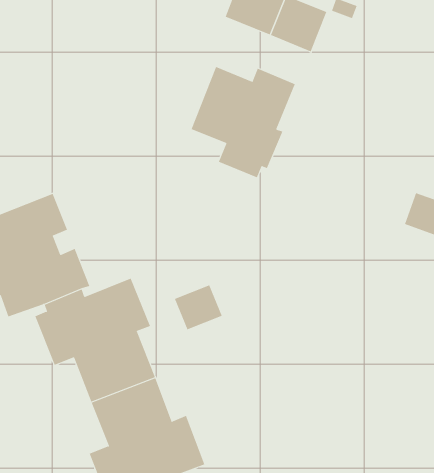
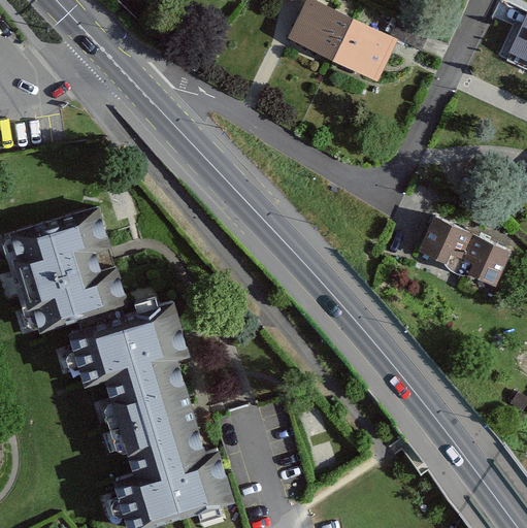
building: [191,66,295,178] -> none
building: none -> [420,219,472,267]
building: [174,285,222,330] -> none

